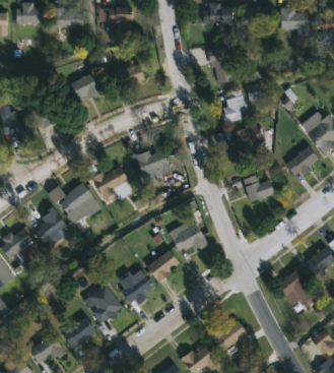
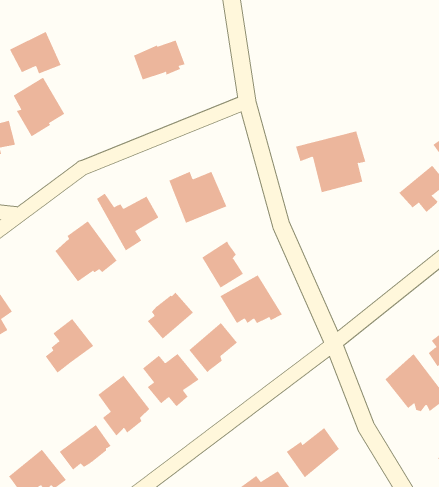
building: [208,47,232,79] -> none
building: [68,72,103,101] -> [9,31,62,74]
building: [222,89,249,124] -> none
building: [243,175,275,203] -> none
building: none -> [201,240,244,288]
building: [35,206,67,243] -> [45,318,94,374]
building: none -> [147,292,194,339]

